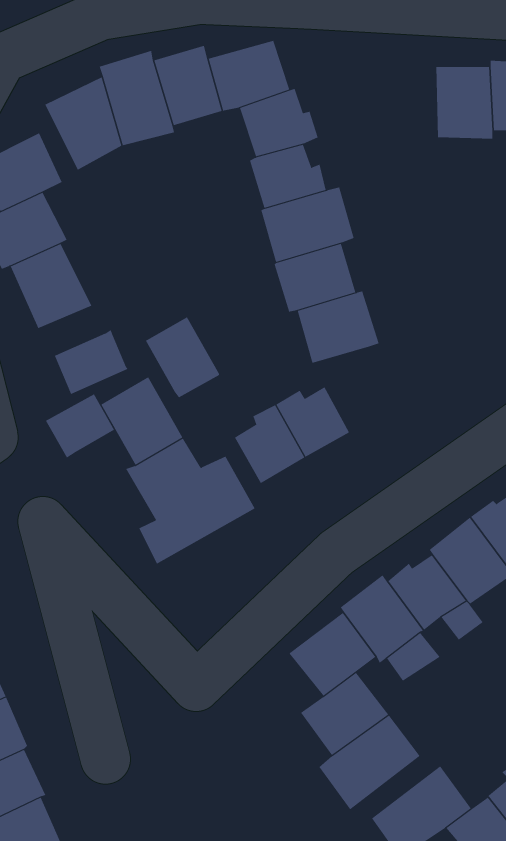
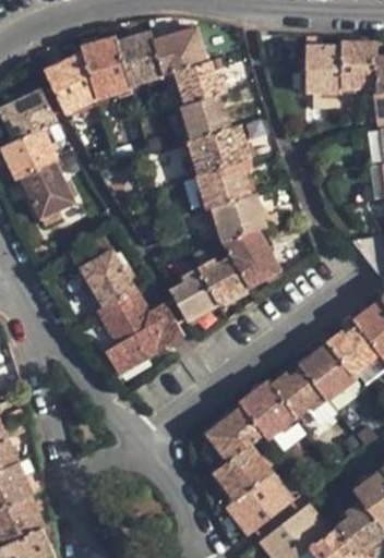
building: [145,317,220,398] -> none
building: [54,329,128,395] -> none
building: none -> [220,230,279,287]
building: [45,393,115,458] -> none

